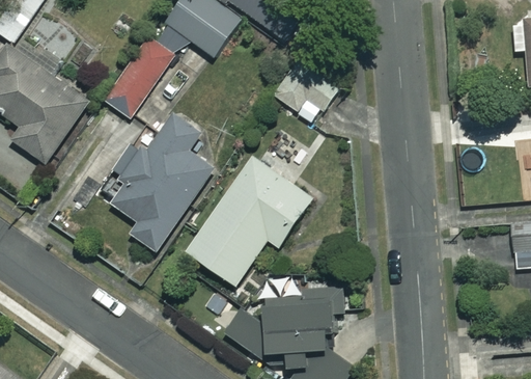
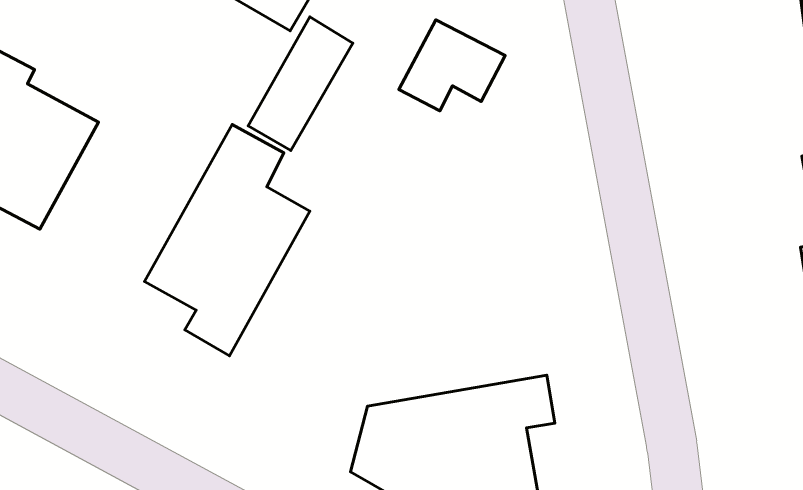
building: [106,38,175,119] -> [248,17,353,150]
building: [186,156,313,287] -> none

